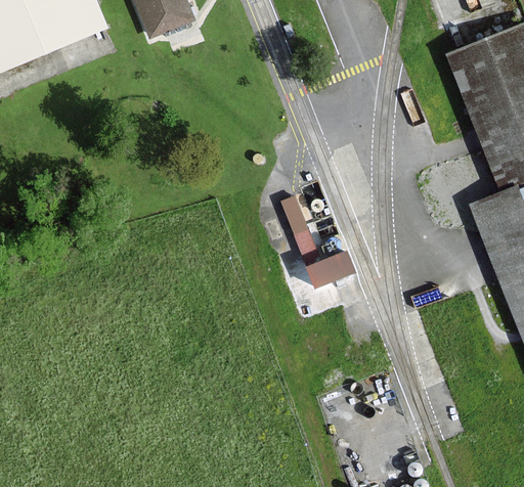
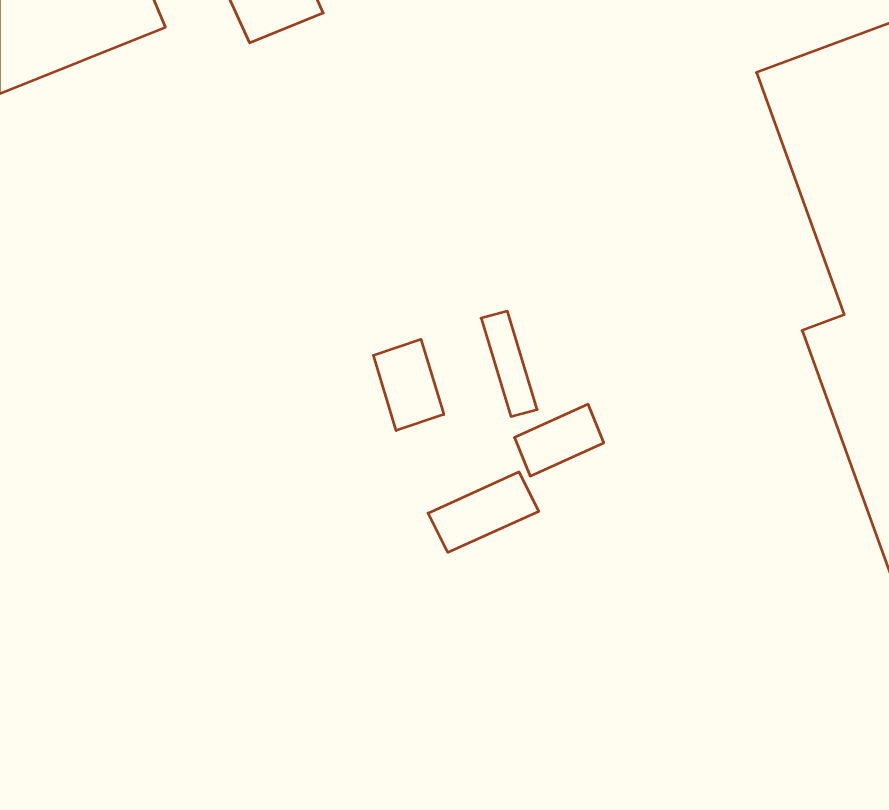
building: none -> [373,339,444,431]
building: none -> [428,472,539,552]

